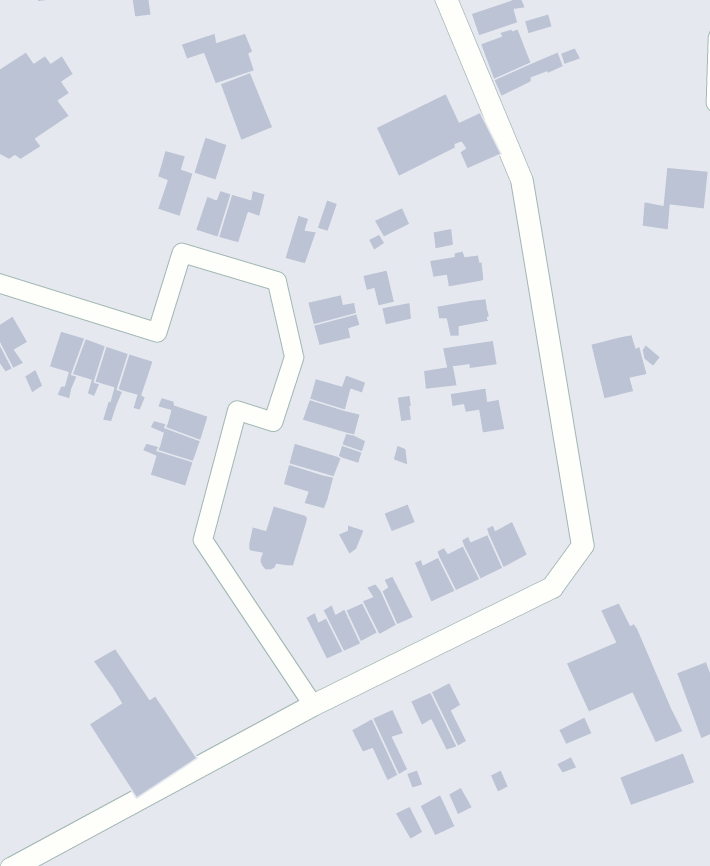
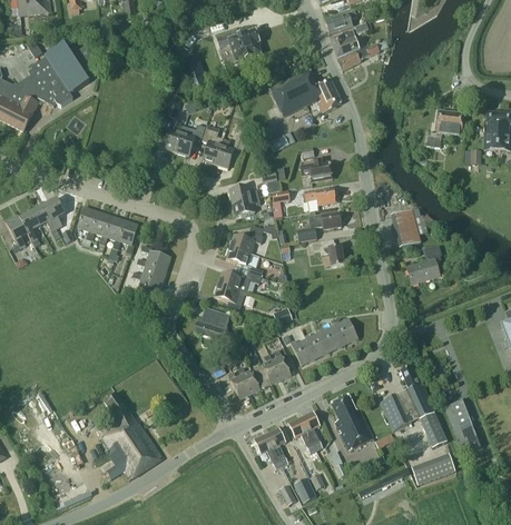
building: [181,33,255,84] -> [216,30,259,60]
building: [157,150,193,217] -> [202,125,223,164]
building: none -> [406,246,441,284]
building: none -> [331,394,373,449]

